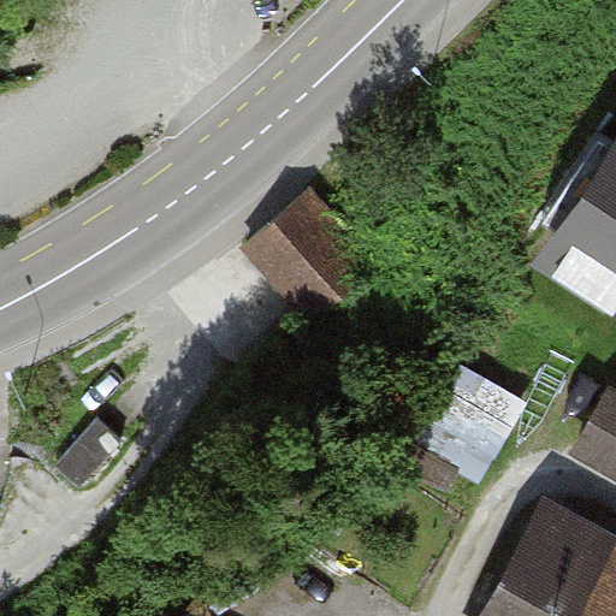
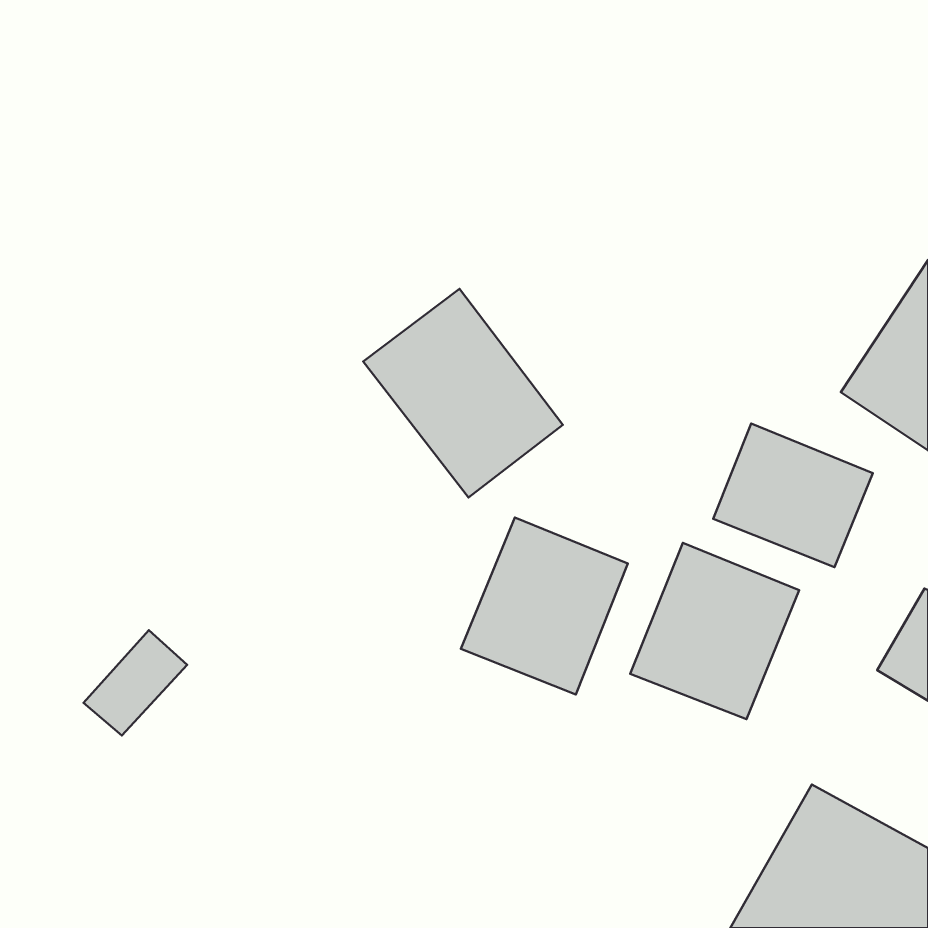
building: none -> [713,423,873,567]
building: none -> [461,518,628,694]

